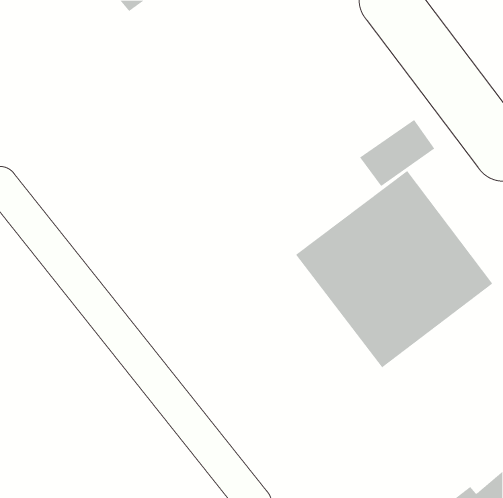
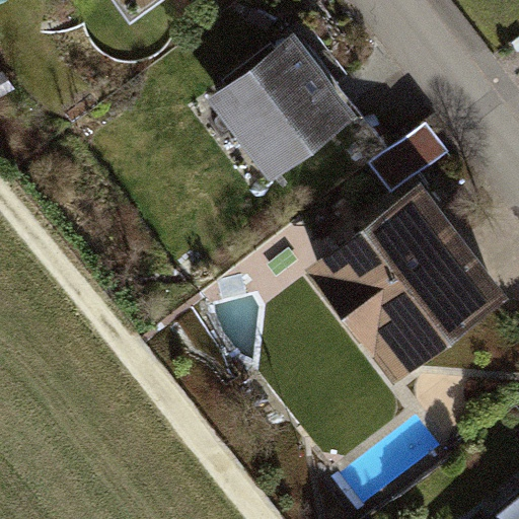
building: none -> [208,35,357,181]

